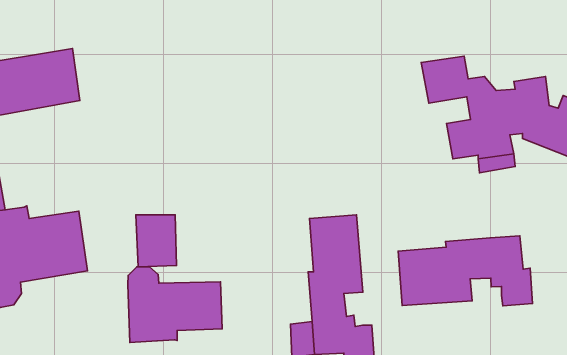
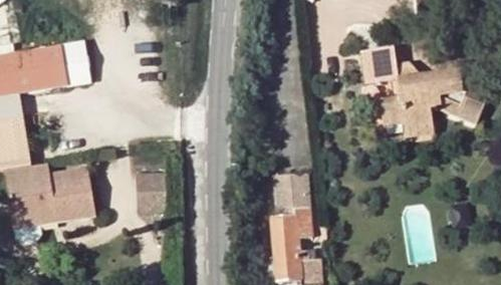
building: [398,236,533,306] -> none
building: [128,267,222,342] -> none

